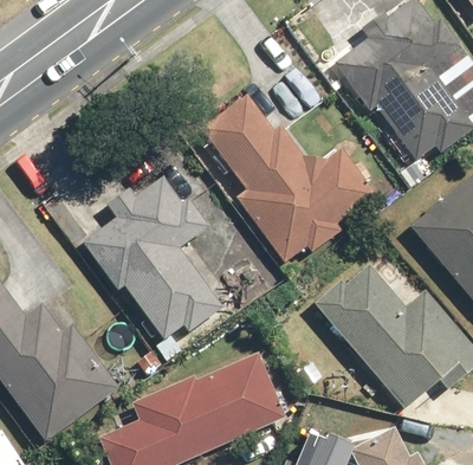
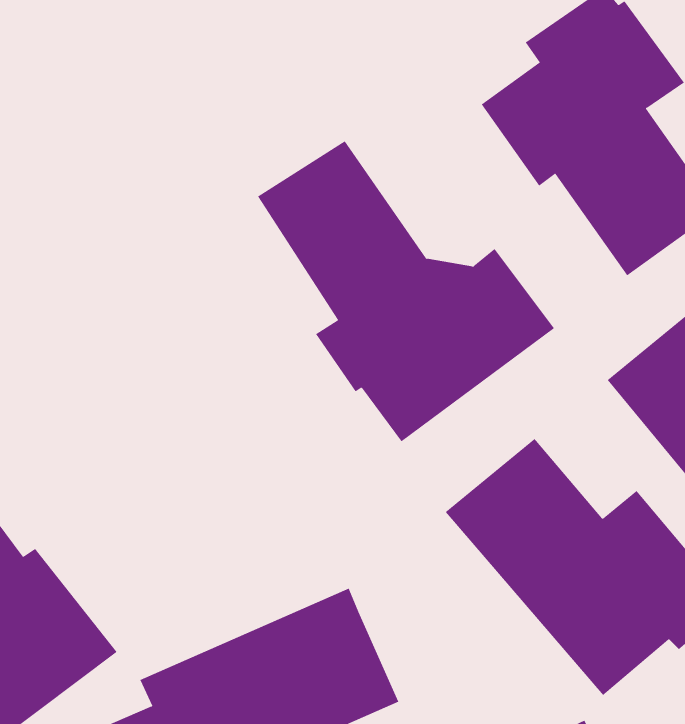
building: [80,174,220,343] -> none

